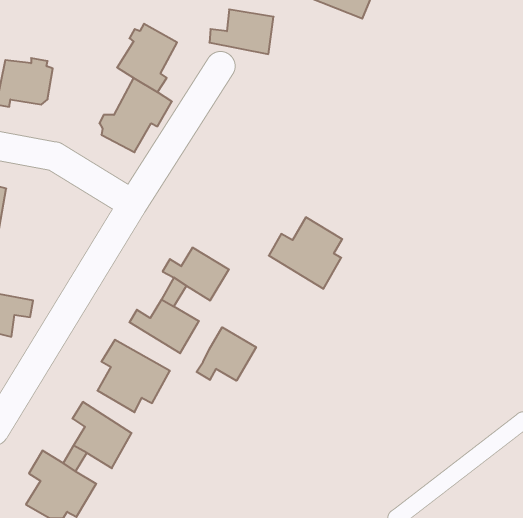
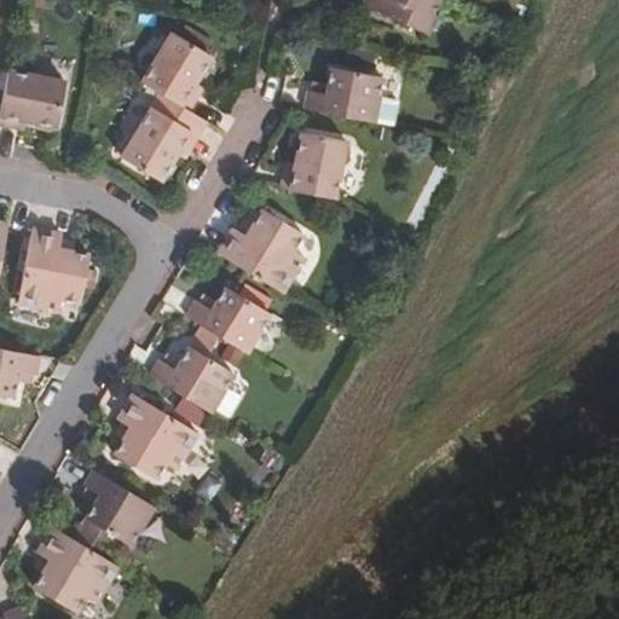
building: [209,9,274,54] -> [306,71,381,123]
building: none -> [284,138,349,199]
building: none -> [18,224,87,305]
building: [269,217,342,289] -> [219,212,305,295]
building: [197,327,256,381] -> none

